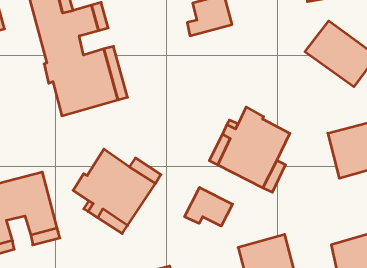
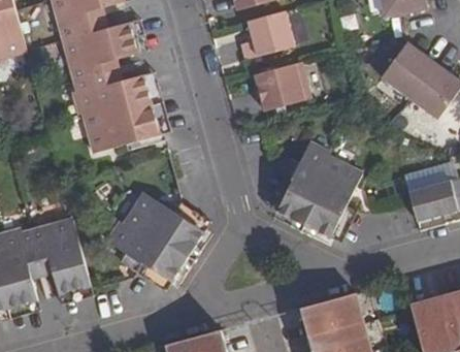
building: none -> [258,60,317,114]
building: [185,187,233,226] -> none

